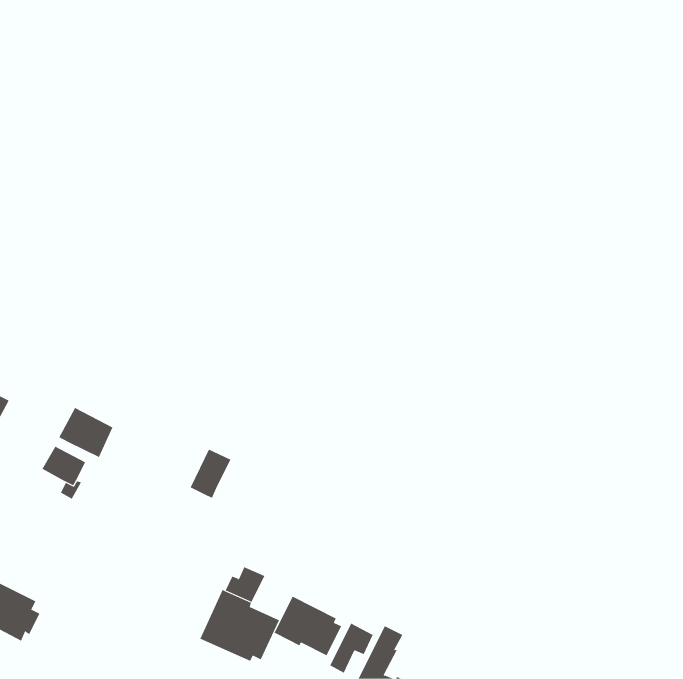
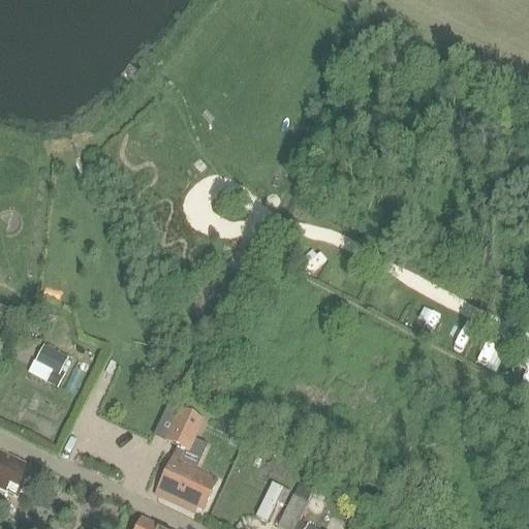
building: [59,407,113,458] -> none
building: [190,449,231,498] -> [166,408,198,446]
building: [274,596,342,656] -> none

